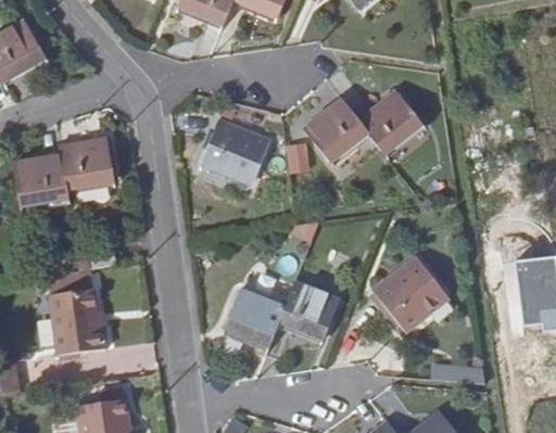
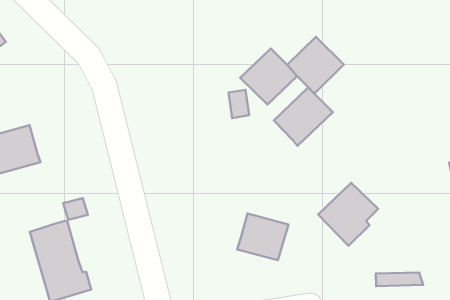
building: [201,120,269,178] -> none
building: [59,139,113,189] -> none
building: none -> [274,87,333,146]
building: [225,289,285,345] -> none

